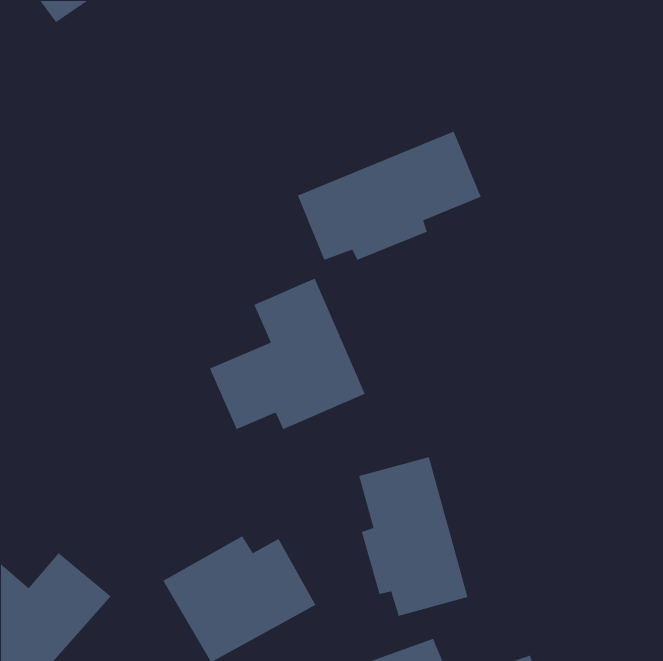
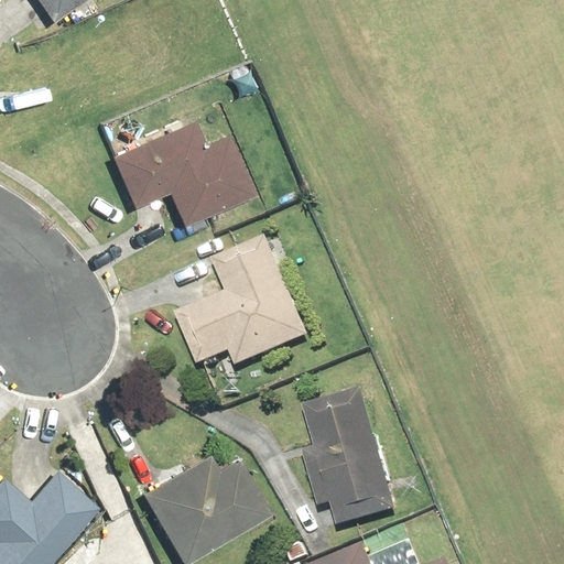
building: [297,130,482,261] -> none
building: none -> [107,119,248,226]

